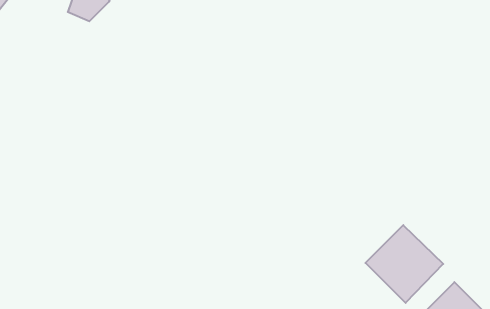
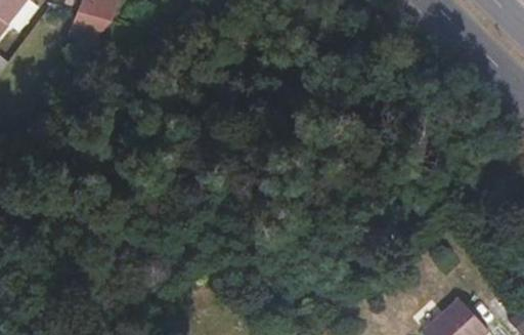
building: [365,225,443,303] -> none

